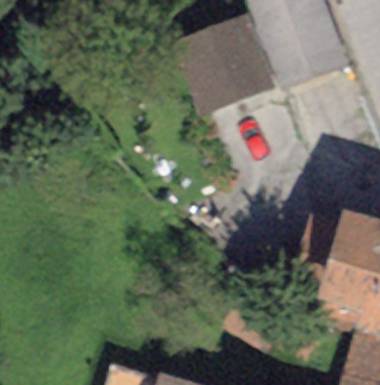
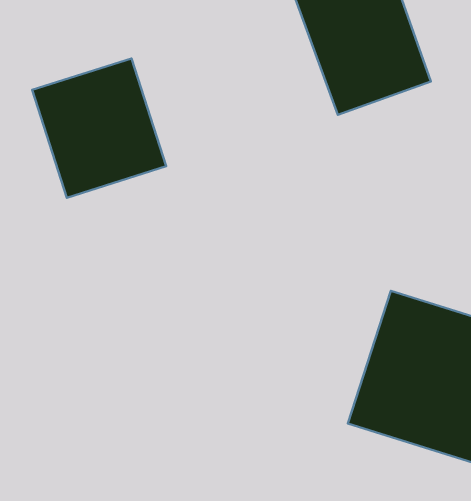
building: [177,7,274,108] -> [32,58,166,198]

